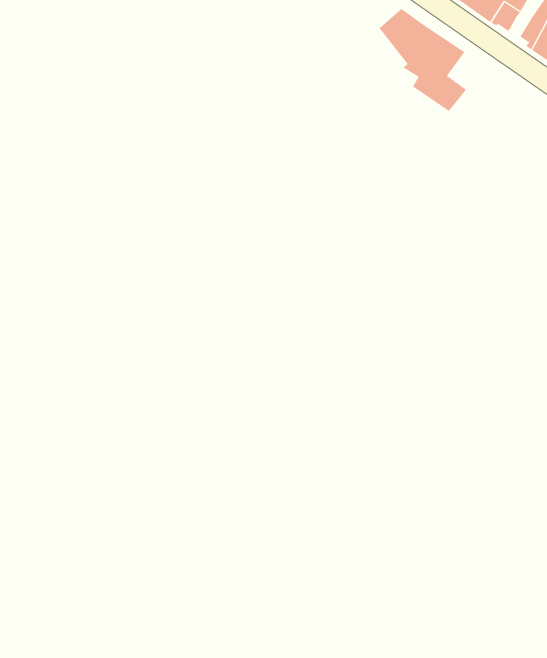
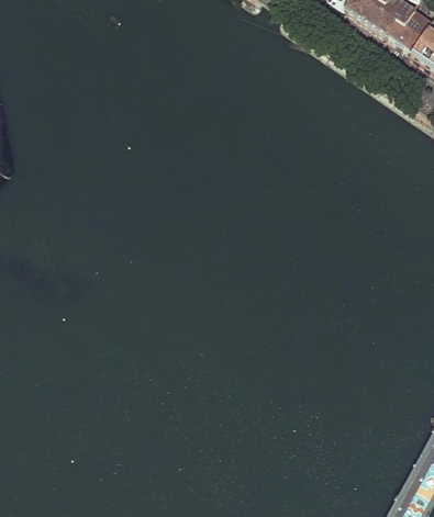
building: [379,8,467,112] -> none

